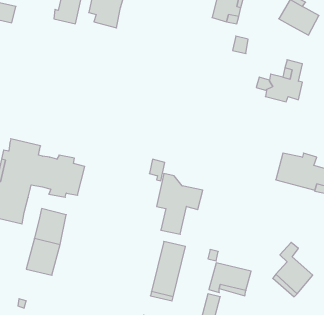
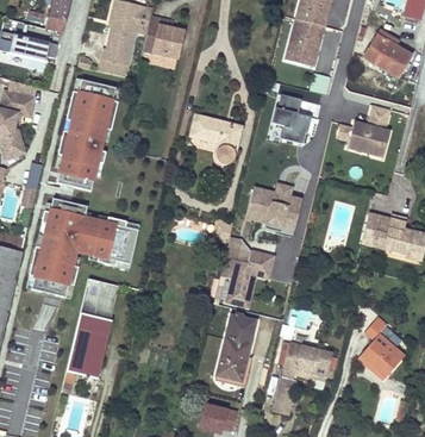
building: none -> [56,77,118,189]
building: none -> [274,95,308,146]
building: none -> [189,114,242,163]
building: none -> [248,185,299,227]
building: none -> [65,348,100,379]

